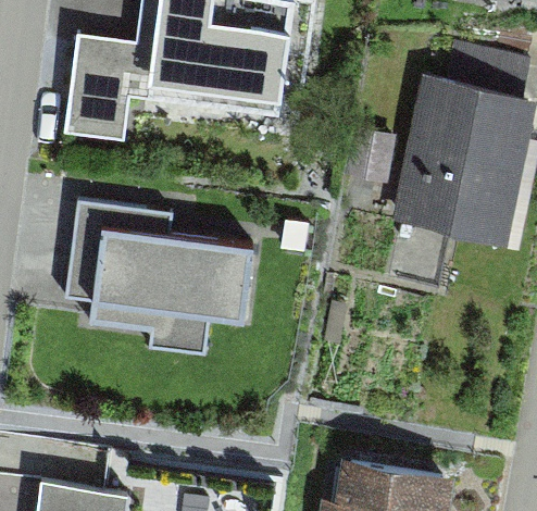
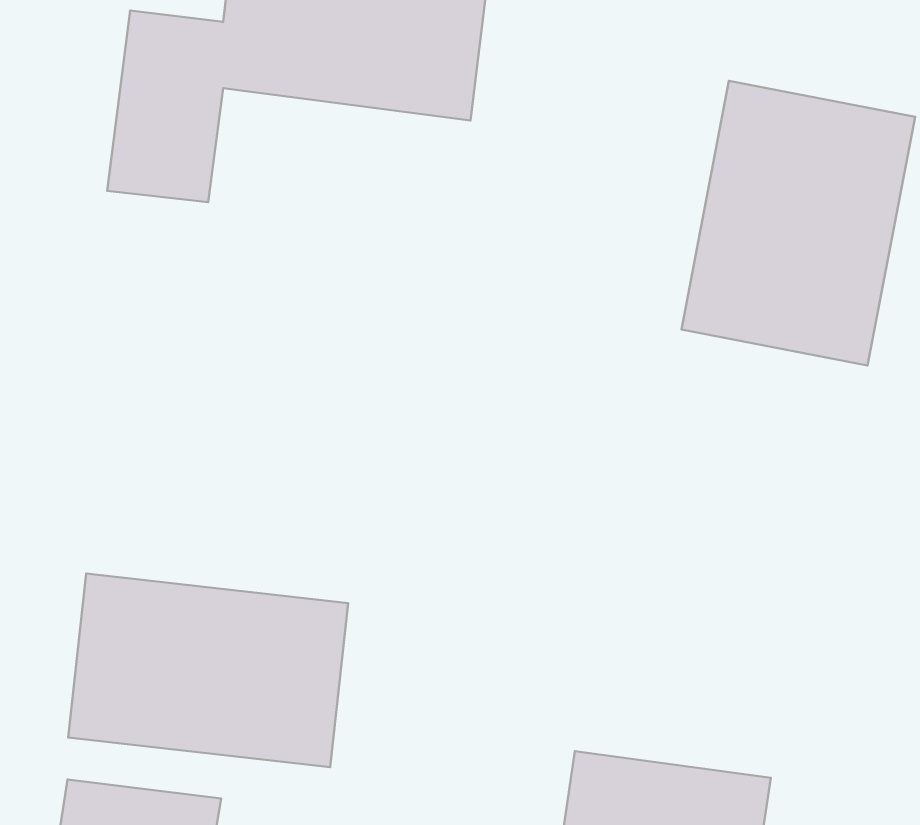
building: [87,229,259,328] -> none
building: none -> [68,574,348,767]

